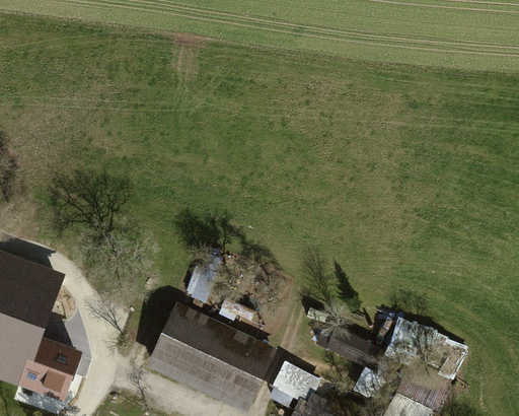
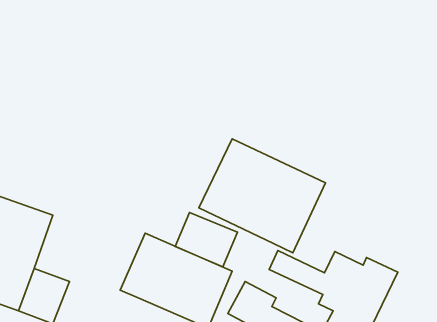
building: none -> [199,139,326,253]
building: none -> [175,212,238,267]

